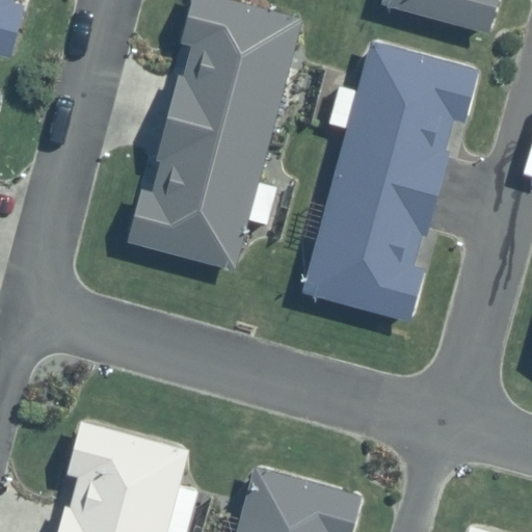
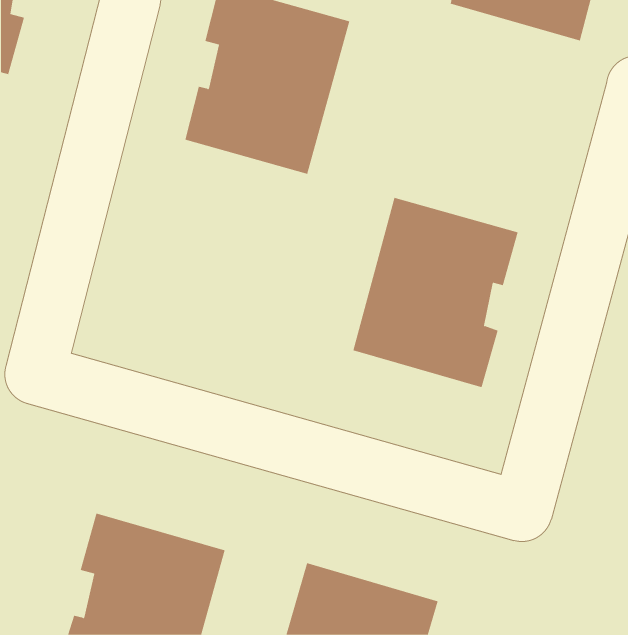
building: [336,43,479,193] -> none
building: [121,116,264,268] -> none

